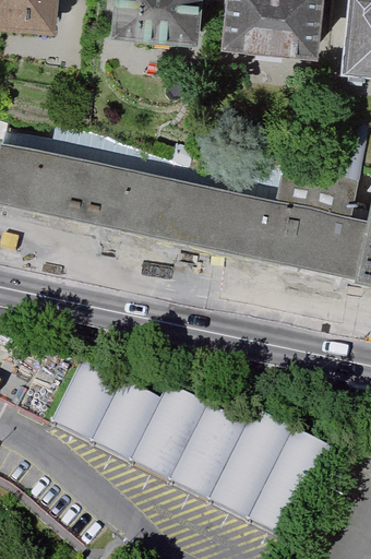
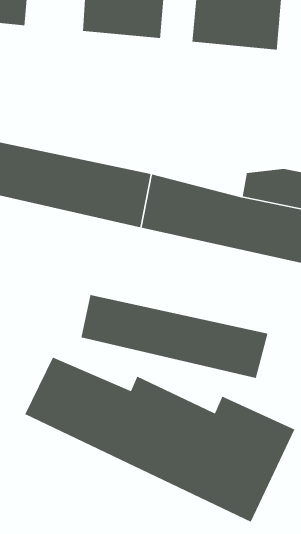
building: none -> [80,294,268,379]

